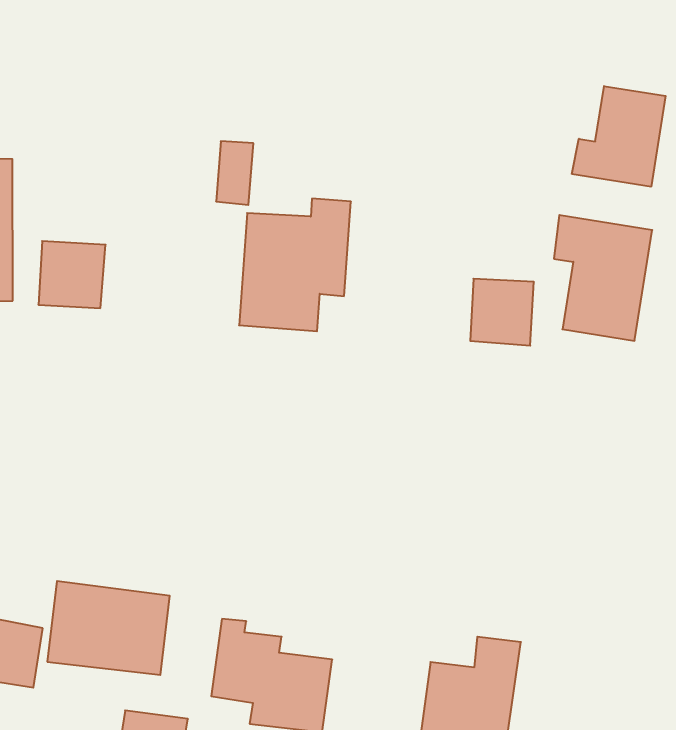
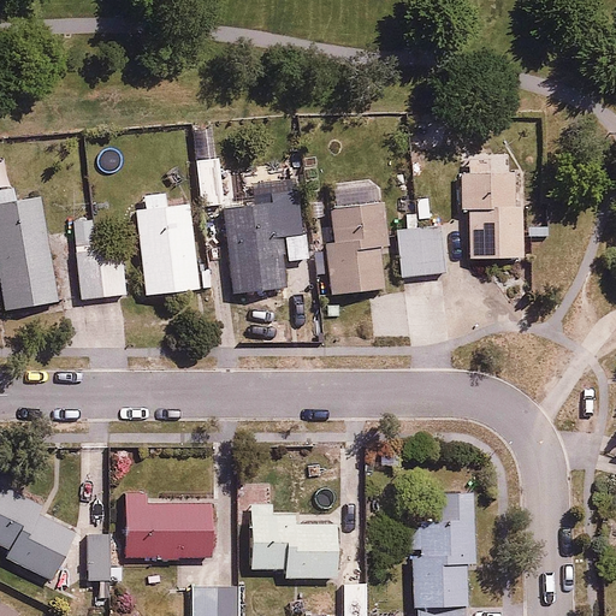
building: [572,86,666,187] -> none
building: none -> [136,195,199,295]
building: none -> [324,202,389,294]

